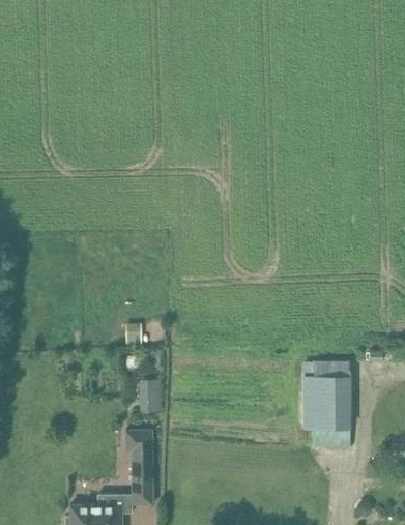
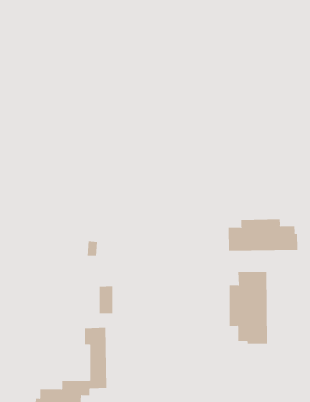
building: none -> [228,219,298,251]

